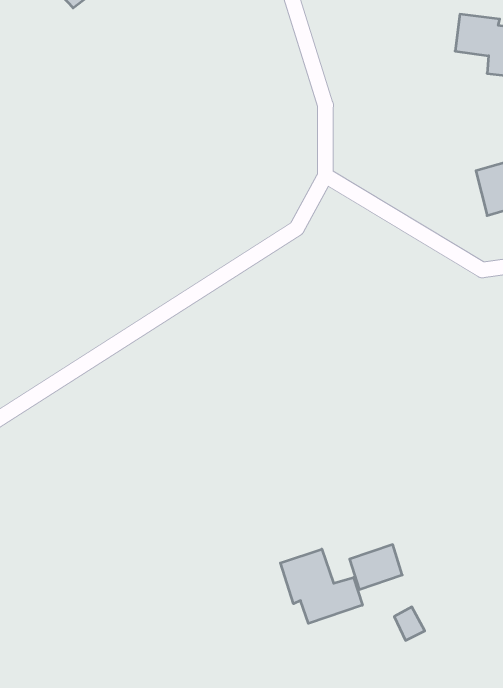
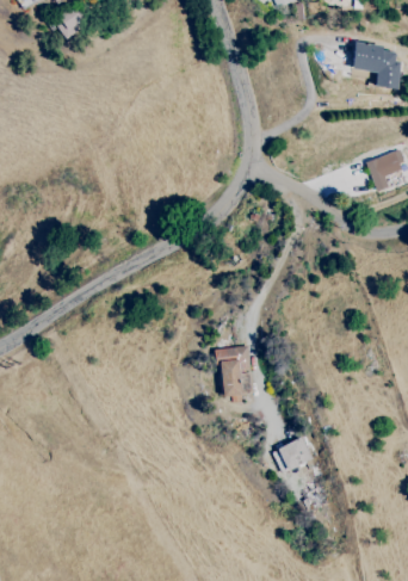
building: none -> [216,345,254,396]
building: [280,549,362,623] -> none

